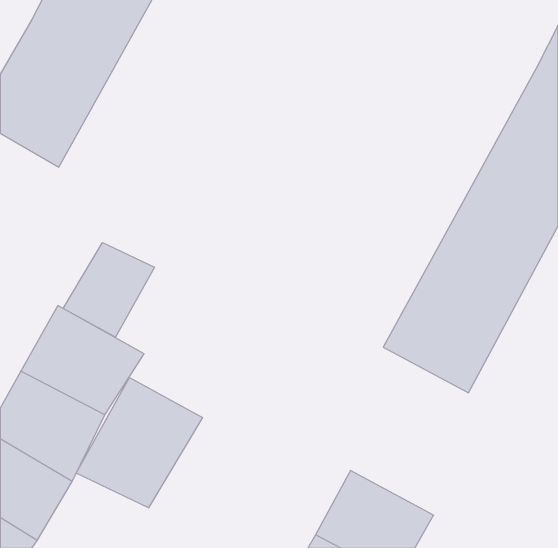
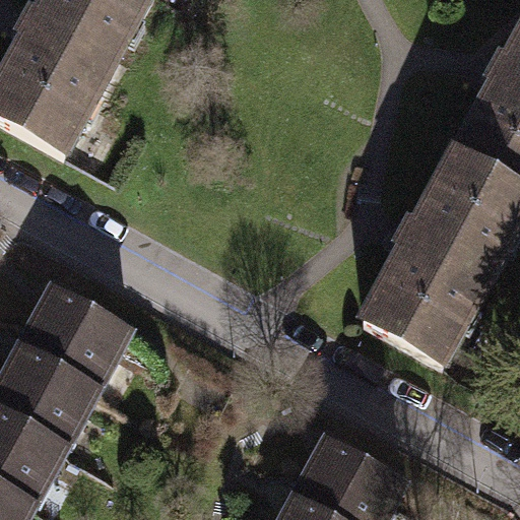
building: [63,243,154,337] -> none
building: [76,377,202,508] -> none

